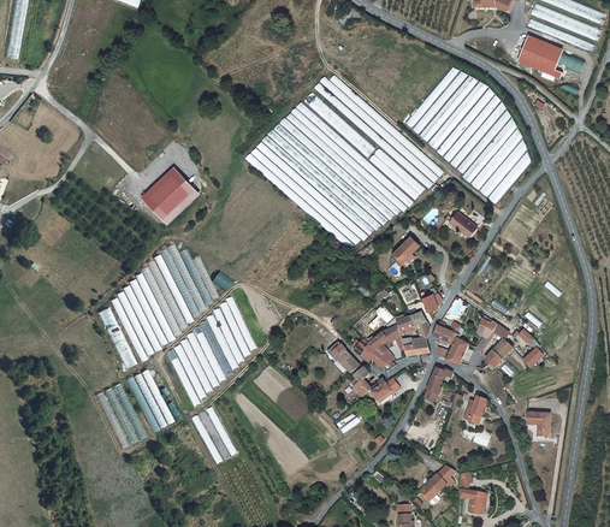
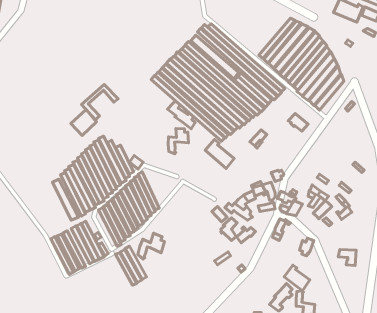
building: [150,174,189,213] -> [71,110,97,136]
building: none -> [168,101,195,129]
building: none -> [168,128,188,154]
building: none -> [205,140,234,169]
building: none -> [138,233,165,259]
building: none -> [284,265,310,291]

